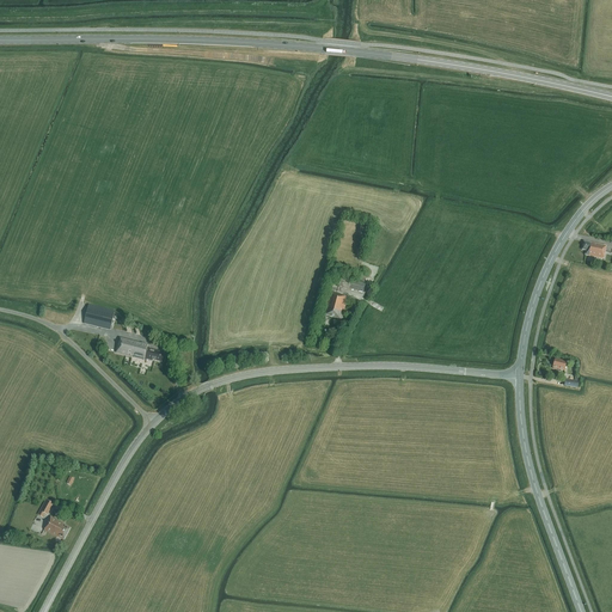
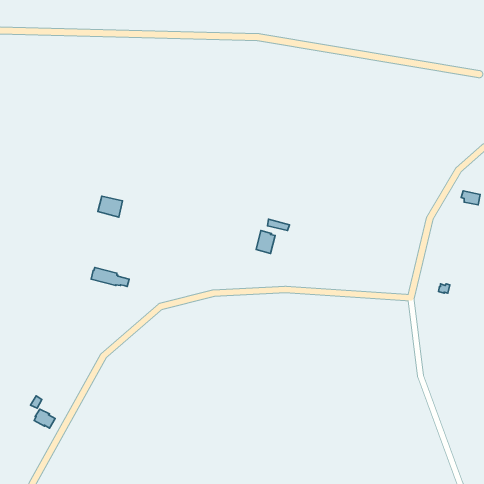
building: [82,304,114,330] -> [98,196,123,217]

